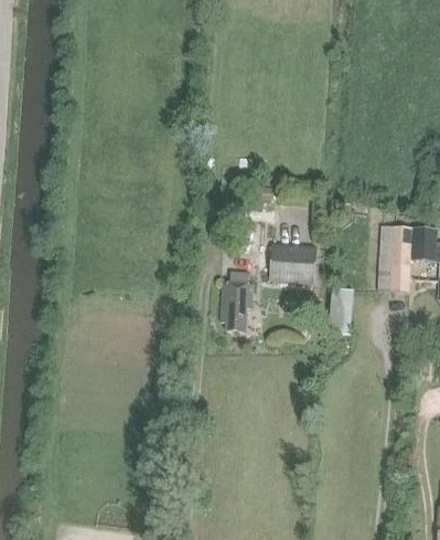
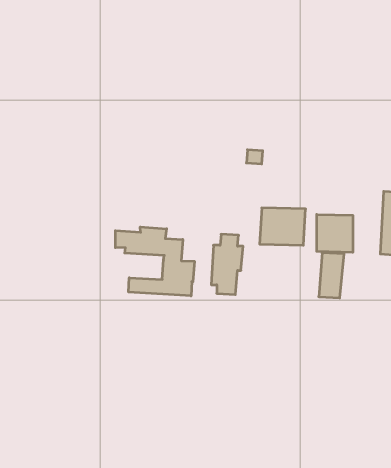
building: none -> [317,214,353,252]
building: none -> [115,227,194,296]

